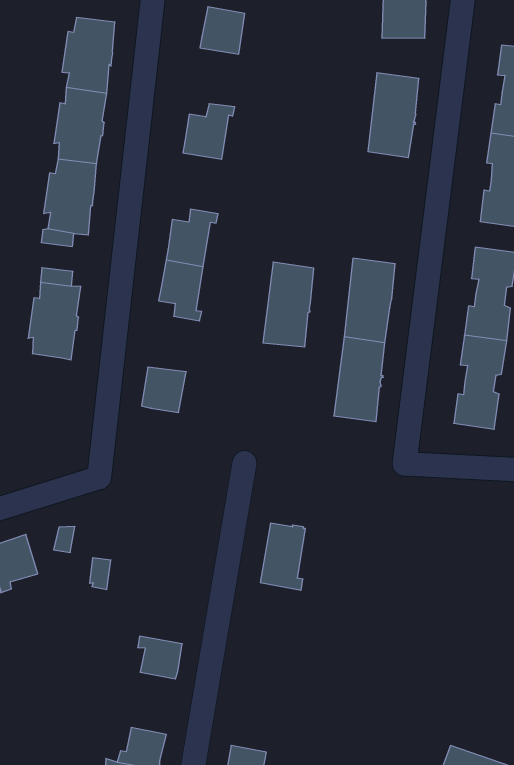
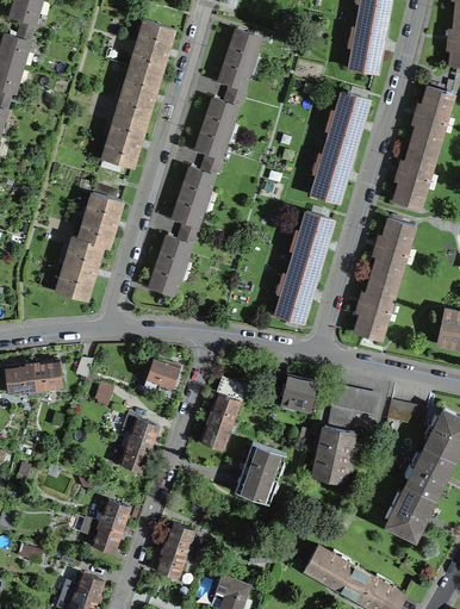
building: none -> [218,55,251,98]
building: none -> [195,123,229,167]
building: [263,262,314,347] -> [311,142,353,201]
building: none -> [157,230,197,268]
building: none -> [60,237,101,299]
building: none -> [268,371,315,408]
building: none -> [313,385,378,481]
building: none -> [143,356,179,391]
building: none -> [200,416,235,448]
building: none -> [120,411,158,448]
building: none -> [234,446,286,507]

